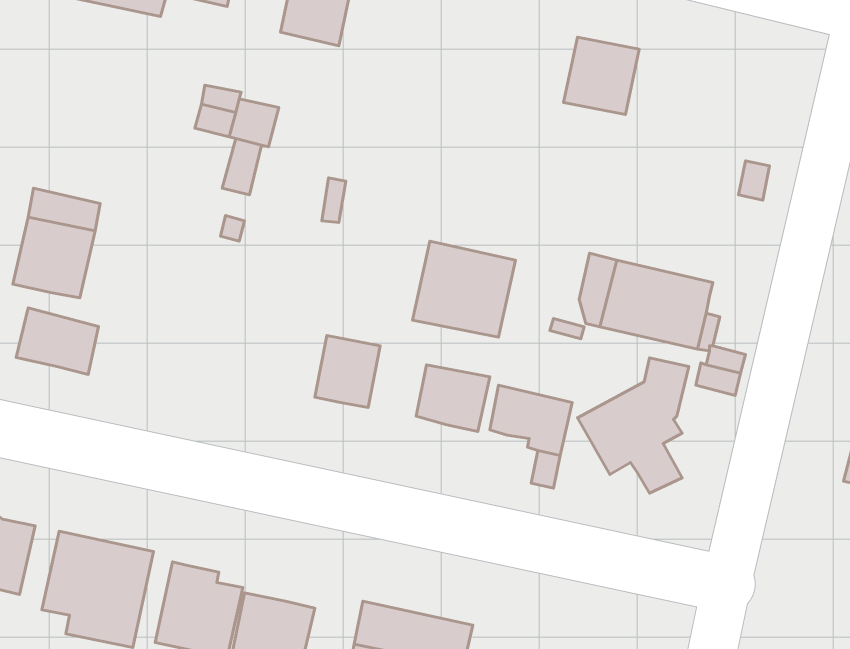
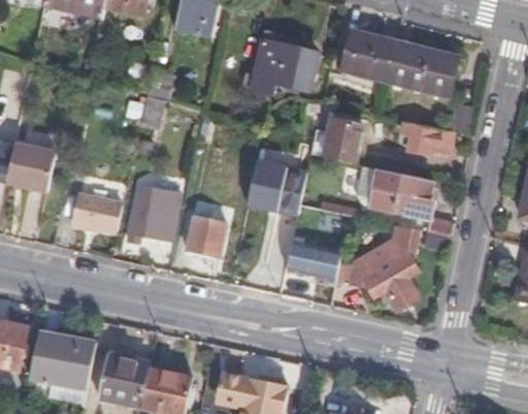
building: none -> [380,40,458,94]
building: none -> [242,41,316,93]
building: none -> [308,105,360,163]
building: none -> [402,123,450,155]
building: none -> [136,184,187,241]
building: [16,308,99,375] -> [78,189,128,229]

